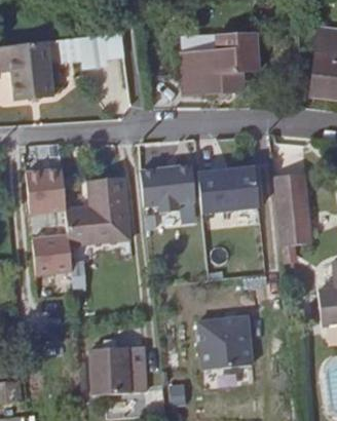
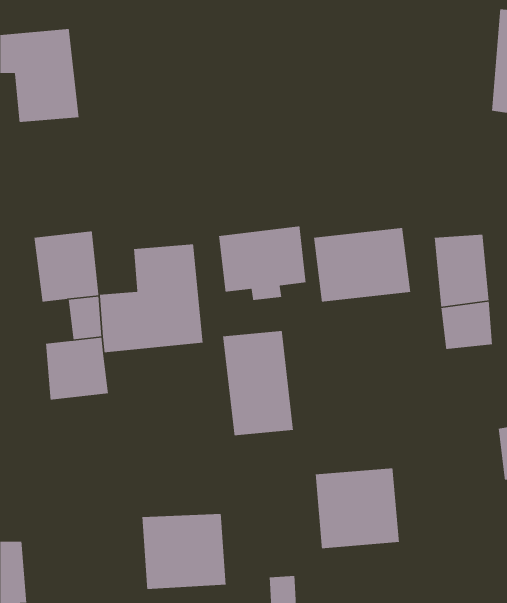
building: [182,32,258,97] -> none
building: [55,34,113,63] -> none
building: none -> [222,330,294,436]

